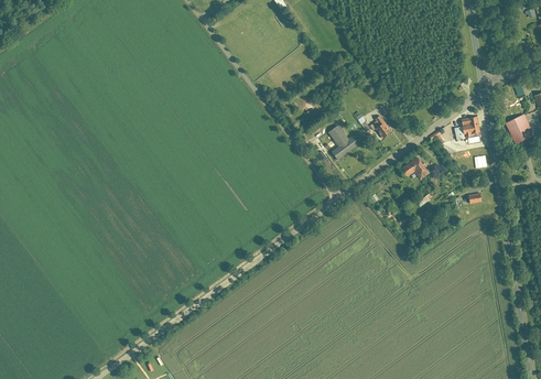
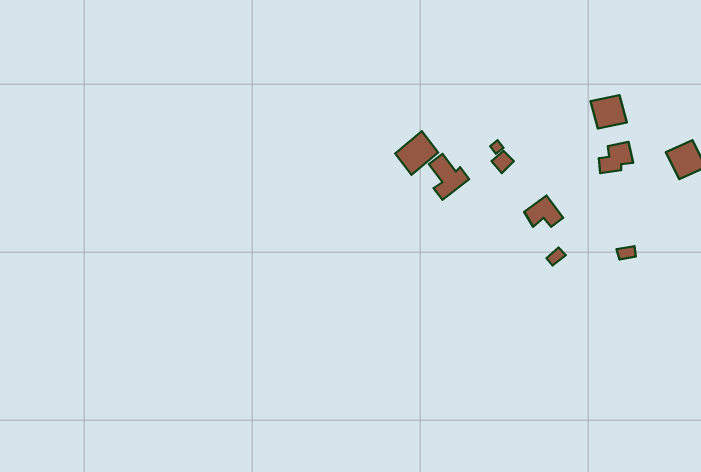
building: none -> [591,95,627,129]
building: none -> [395,131,438,175]

